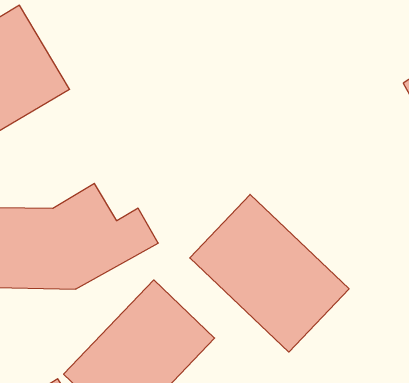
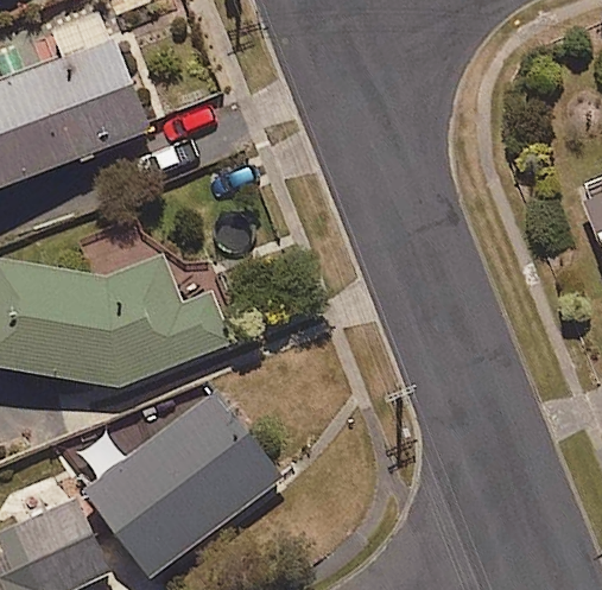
building: [190,194,349,352] -> none

